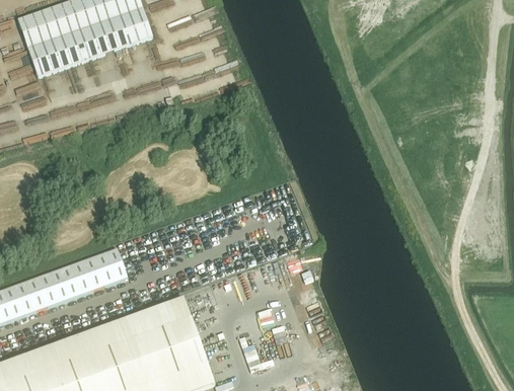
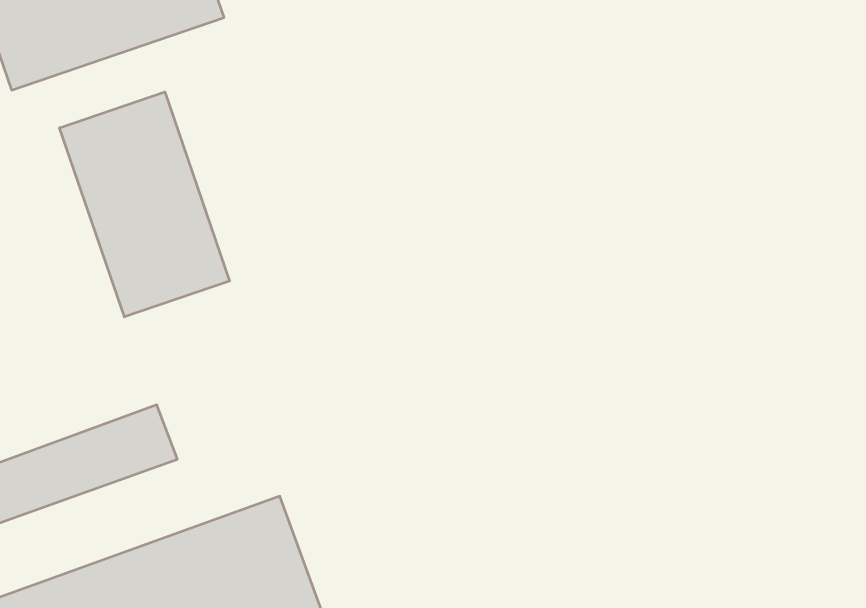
building: none -> [60,92,230,317]

